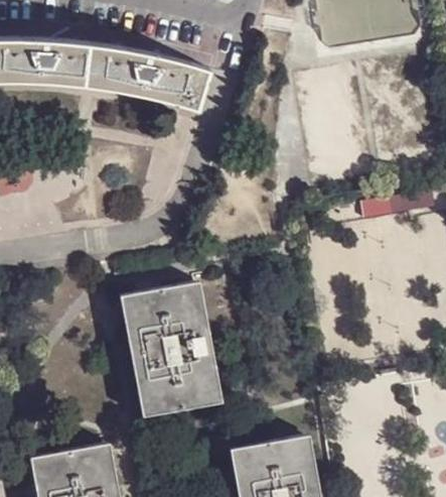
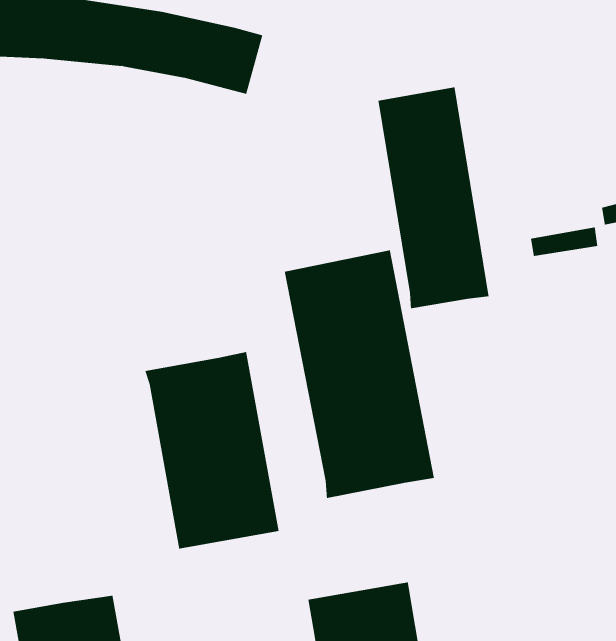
building: none -> [378,86,489,309]
building: none -> [284,250,434,499]

